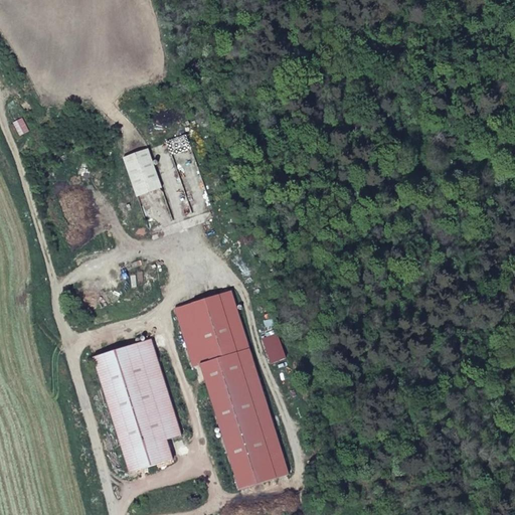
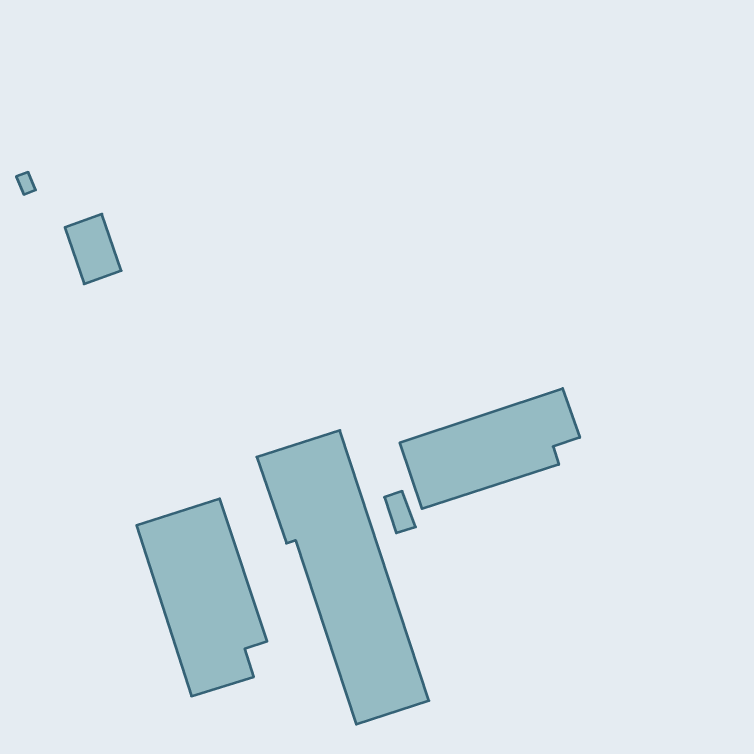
building: [121,147,159,194] -> [65,214,121,284]
building: none -> [400,388,580,509]

